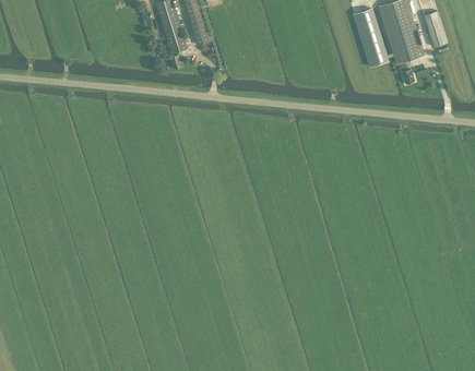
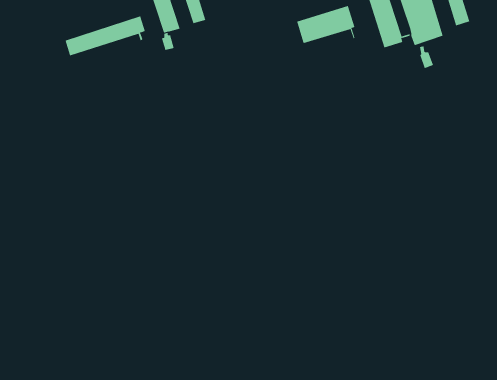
building: none -> [297,5,355,44]
building: none -> [65,16,146,56]

